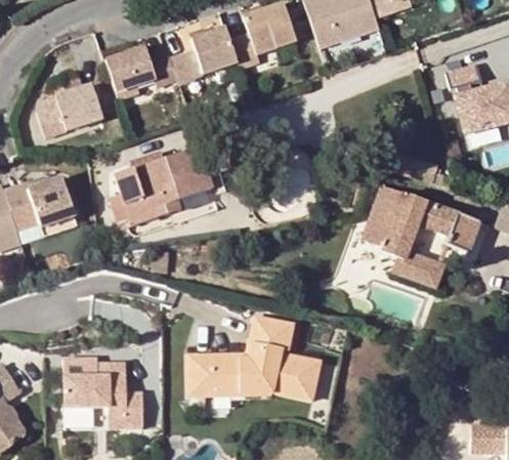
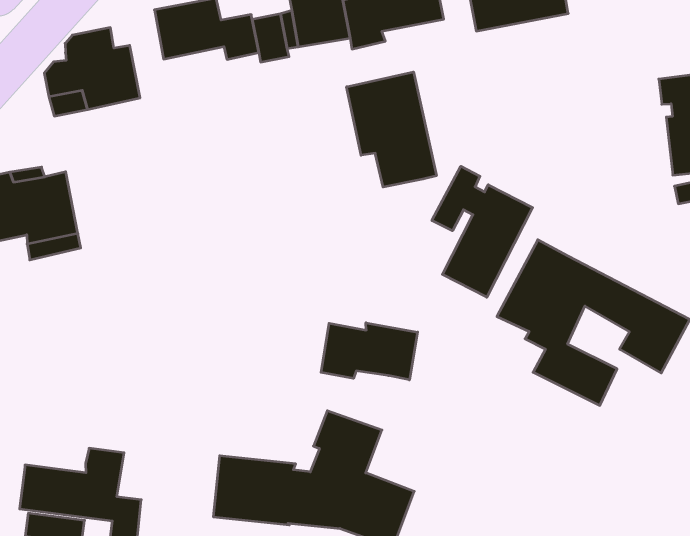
building: none -> [347,72,436,187]
building: none -> [432,166,533,297]
building: [112,143,230,226] -> none
building: none -> [321,323,418,380]

